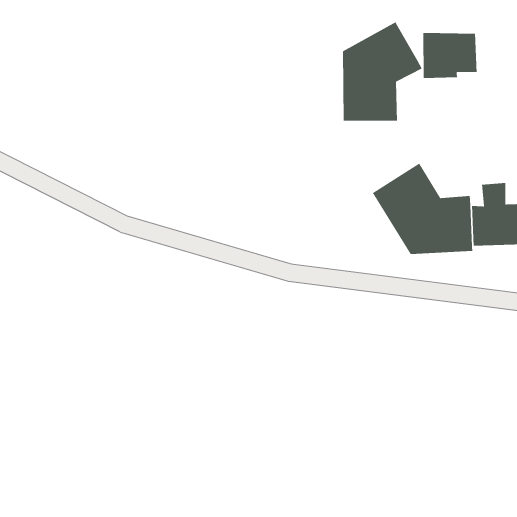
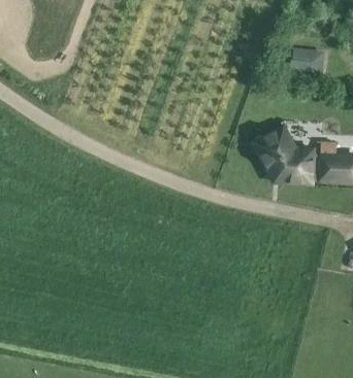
building: [342,21,423,121] -> none

